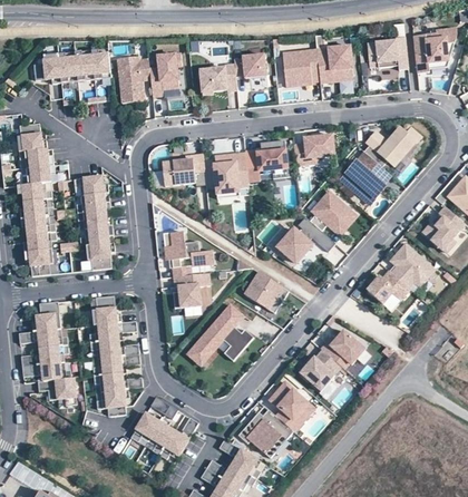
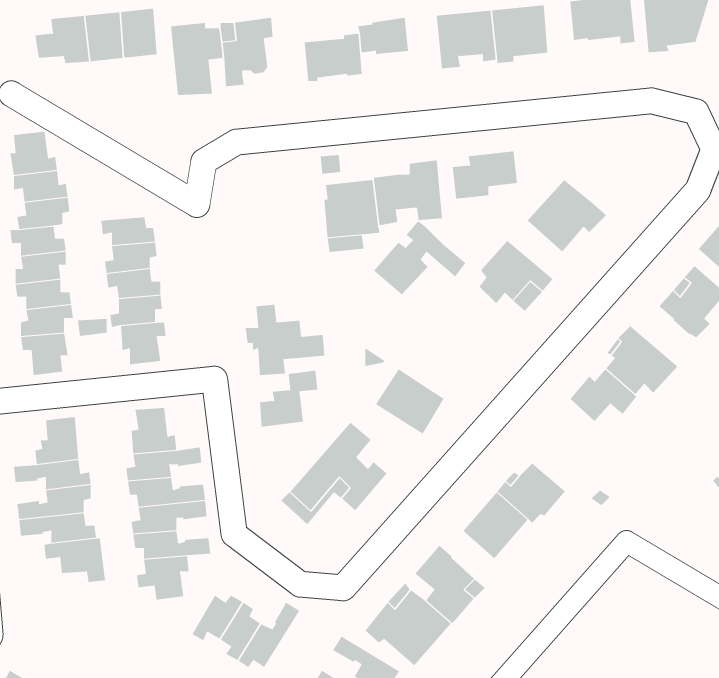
building: [363,127,421,167] -> none
building: [162,154,204,186] -> none
building: [277,216,335,263] -> [373,220,466,295]

